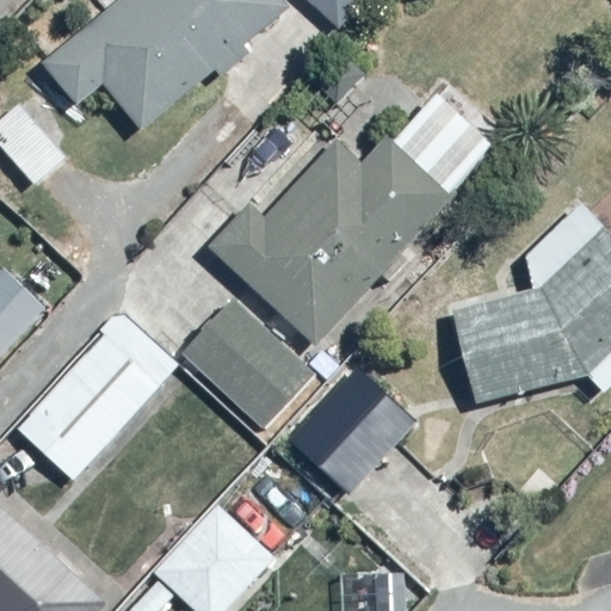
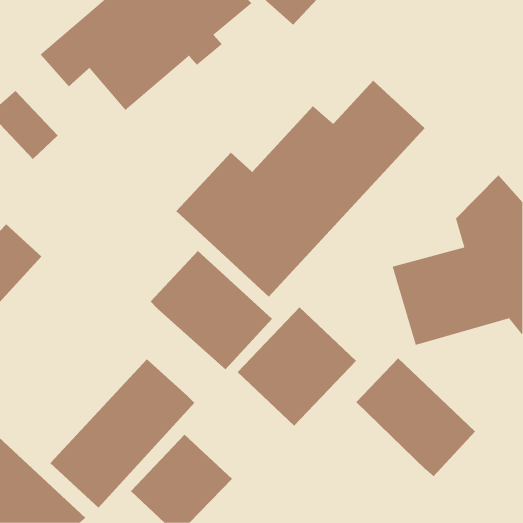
building: [13,308,183,482] -> [49,359,195,508]
building: none -> [356,357,476,477]

